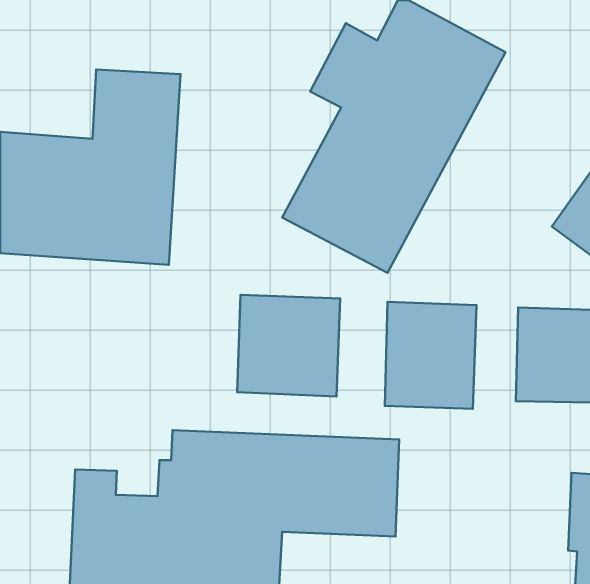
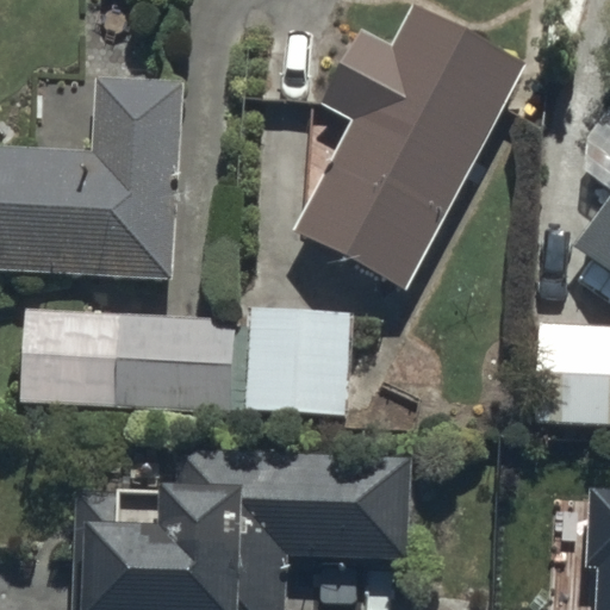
building: none -> [20,311,236,412]
building: [385,302,476,409] -> none

